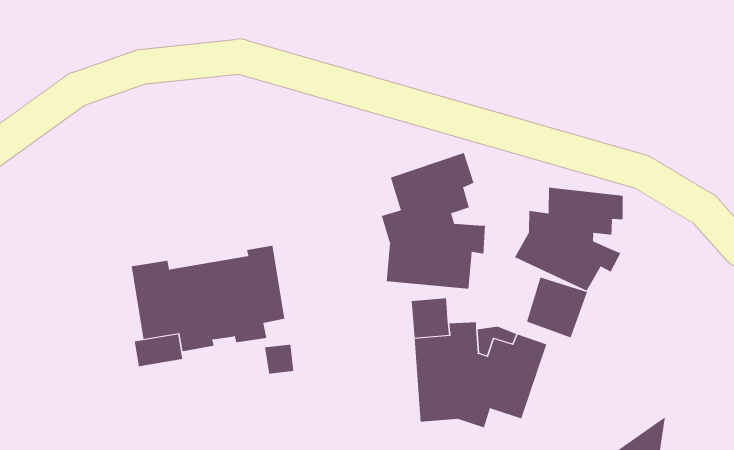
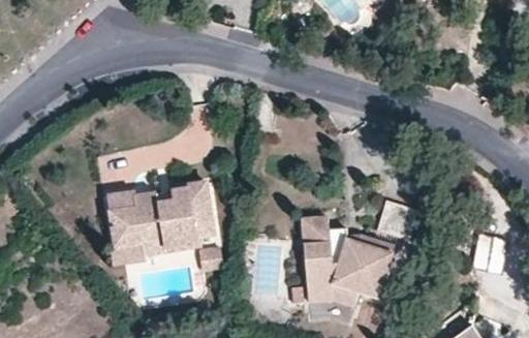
building: [381,152,486,290] -> none
building: [514,187,623,291] -> none

